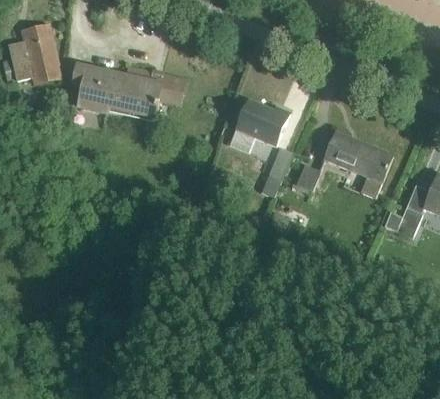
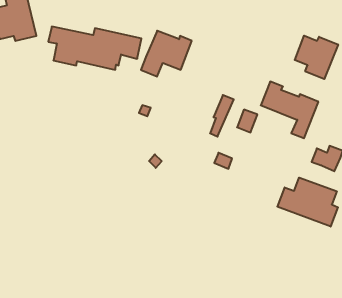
building: none -> [295,36,338,79]
building: [229,100,289,154] -> [141,31,192,77]
building: none -> [277,178,338,227]

